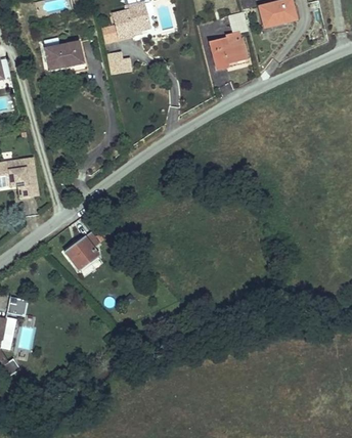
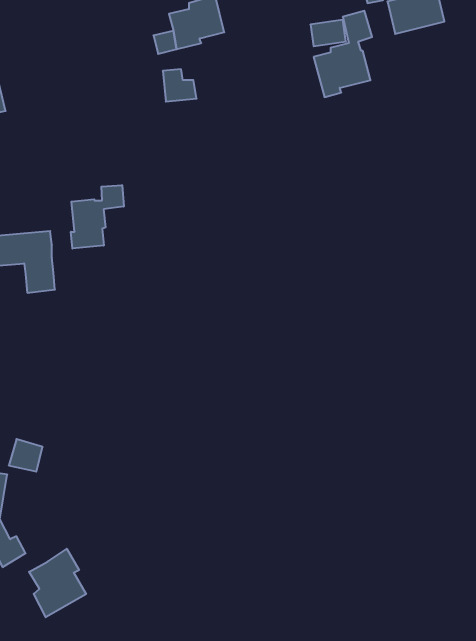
building: [45,39,84,69] -> none
building: none -> [71,185,124,249]
building: [65,231,99,269] -> none
building: none -> [29,549,86,617]

